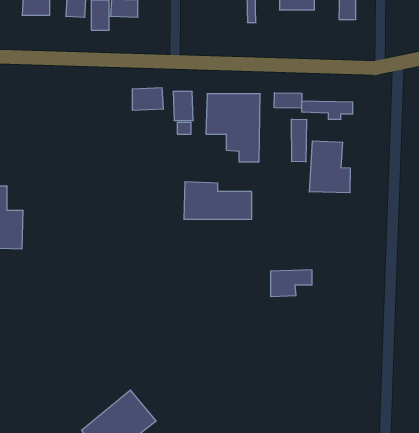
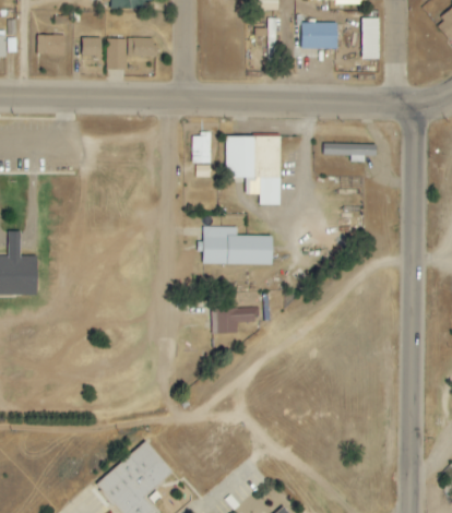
building: [133,88,163,110] -> none
building: [274,93,302,108] -> none
building: [292,119,307,162] -> none
building: [309,141,350,193] -> none
building: [271,270,312,297] -> [212,307,254,334]

